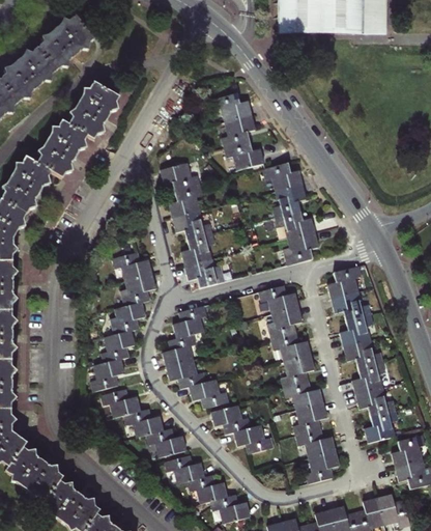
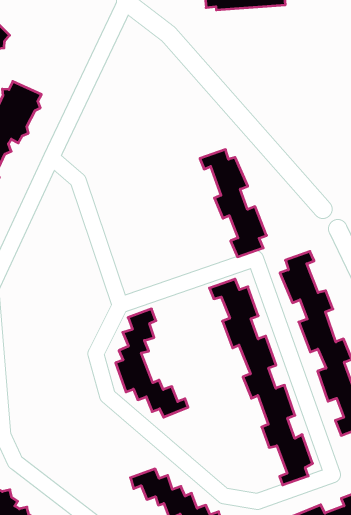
building: [211,92,261,169] -> none
building: [159,165,223,288] -> none
building: [93,255,156,393] -> none
building: [104,390,189,457] -> none
building: [214,408,276,454] -> none

